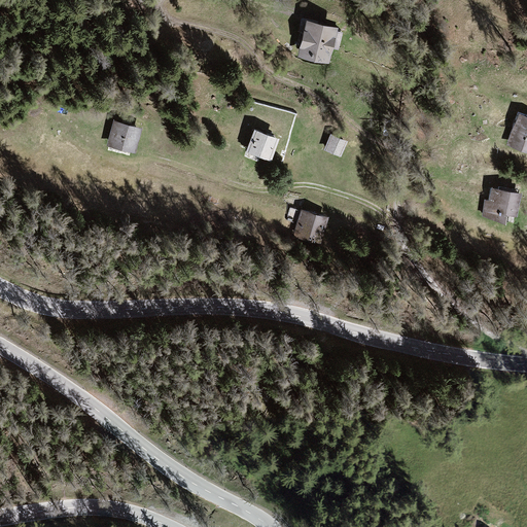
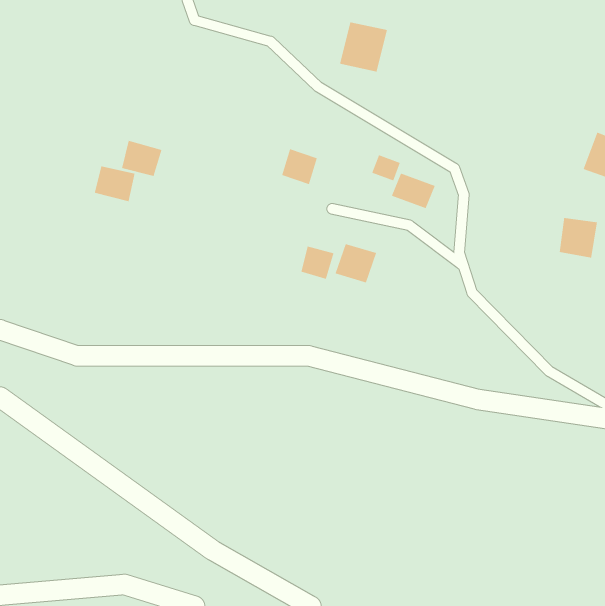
building: none -> [94,166,136,202]
building: none -> [391,172,436,209]
building: none -> [300,246,334,280]

